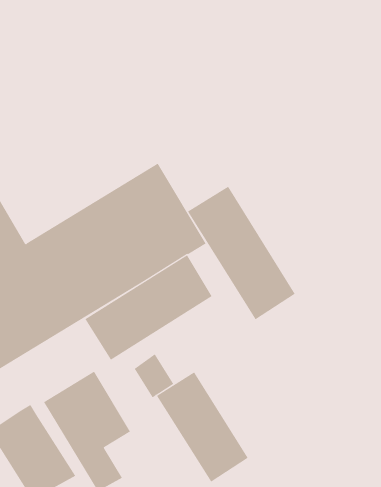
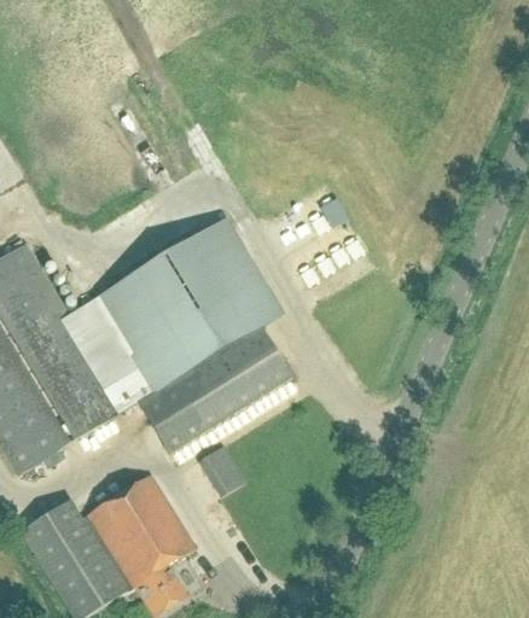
building: [187,186,296,320] -> none
building: [156,372,248,483] -> none

